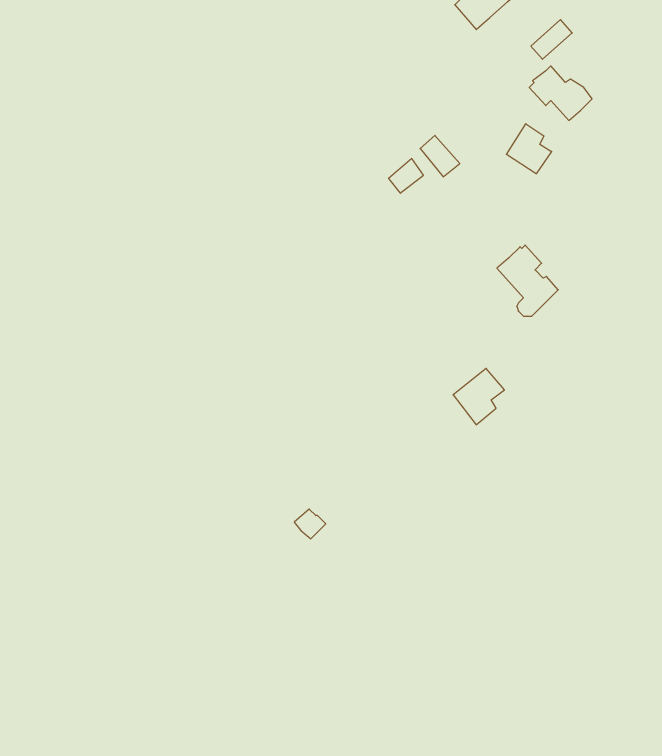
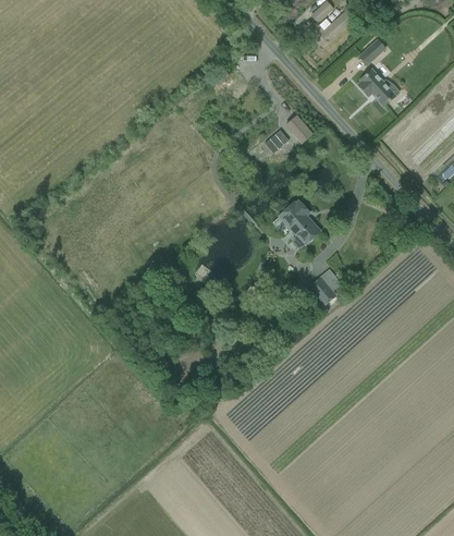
building: [506,124,552,174] -> none
building: [497,245,558,316] -> [280,199,320,246]

